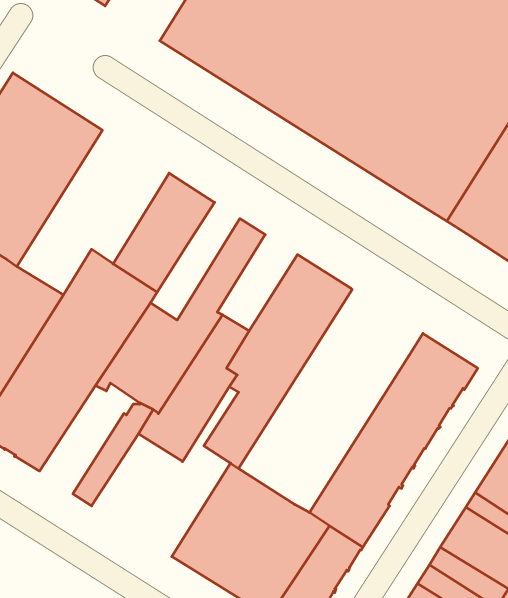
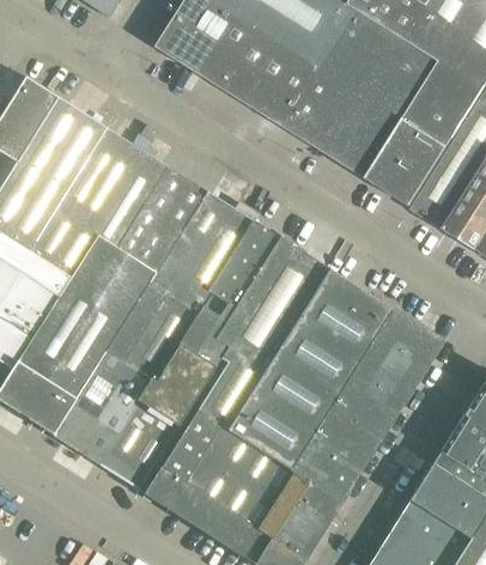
building: none -> [29,128,165,275]
building: none -> [148,193,229,298]
building: none -> [208,221,280,308]
building: none -> [227,271,393,470]
building: none -> [49,354,139,454]
building: none -> [96,400,177,490]
building: none -> [144,411,220,510]

